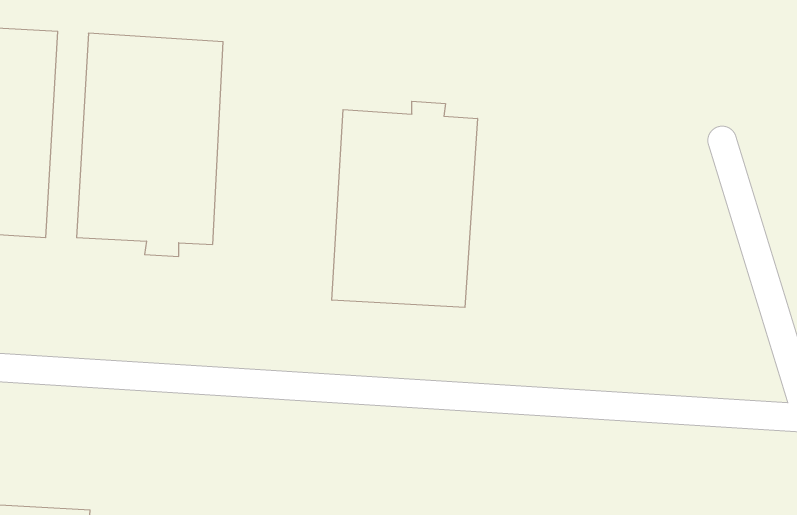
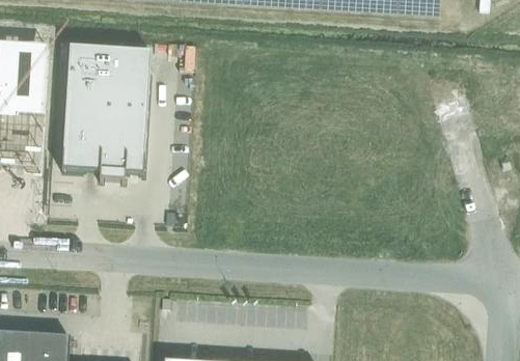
building: [332,101,477,307] -> none

